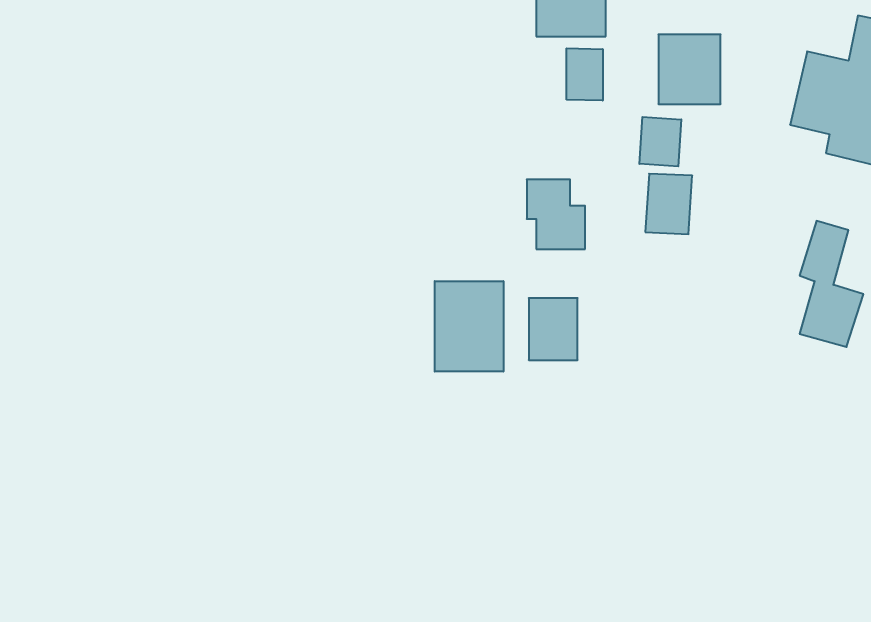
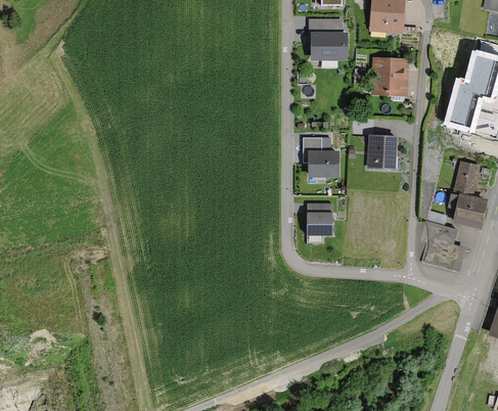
building: [567,48,603,101] -> none
building: [639,117,681,166] -> none
building: [435,281,503,372] -> none

